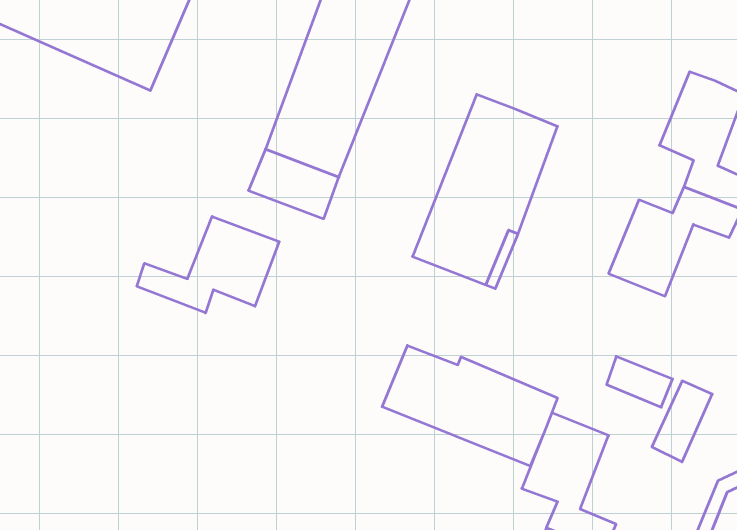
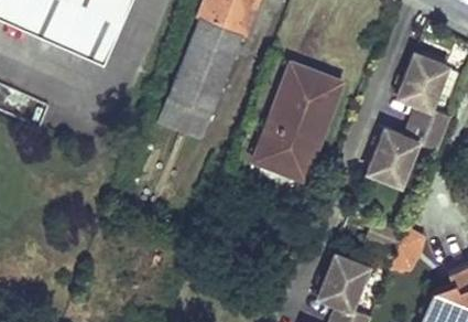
building: [137,216,279,313] -> none
building: [382,345,557,466] -> none

